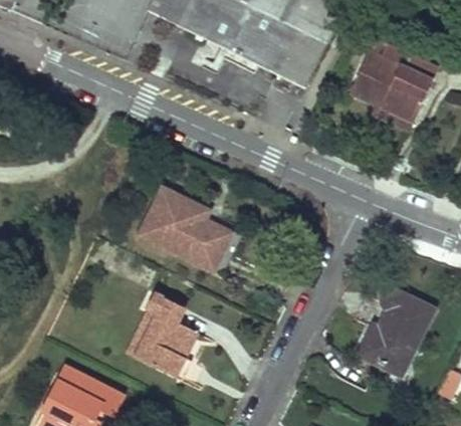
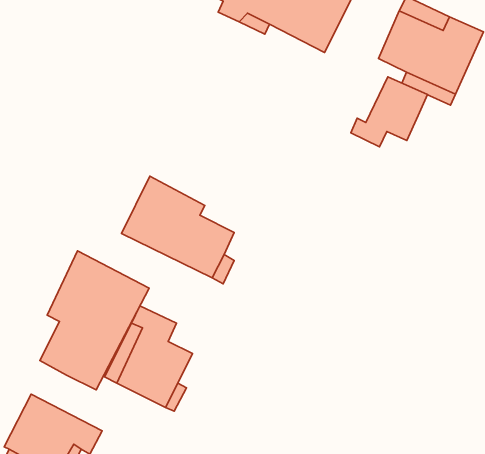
building: none -> [351,77,427,147]
building: none -> [40,251,149,390]
building: [360,290,433,375] -> none

